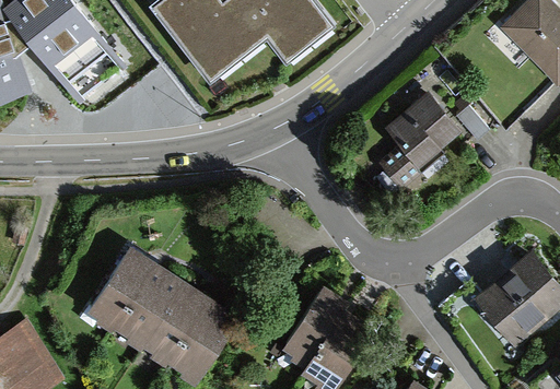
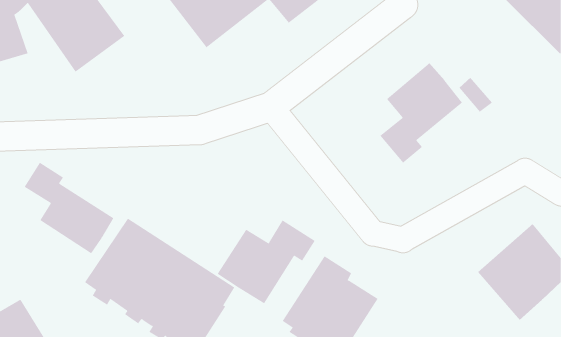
building: none -> [24,162,114,254]
building: none -> [217,219,315,304]

